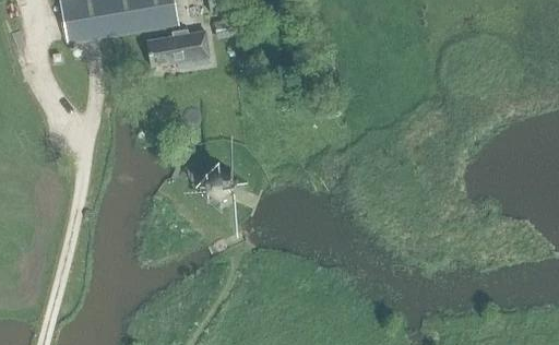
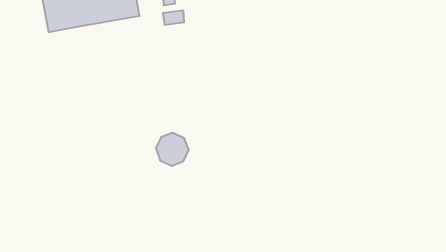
building: [148,28,206,67] -> none

